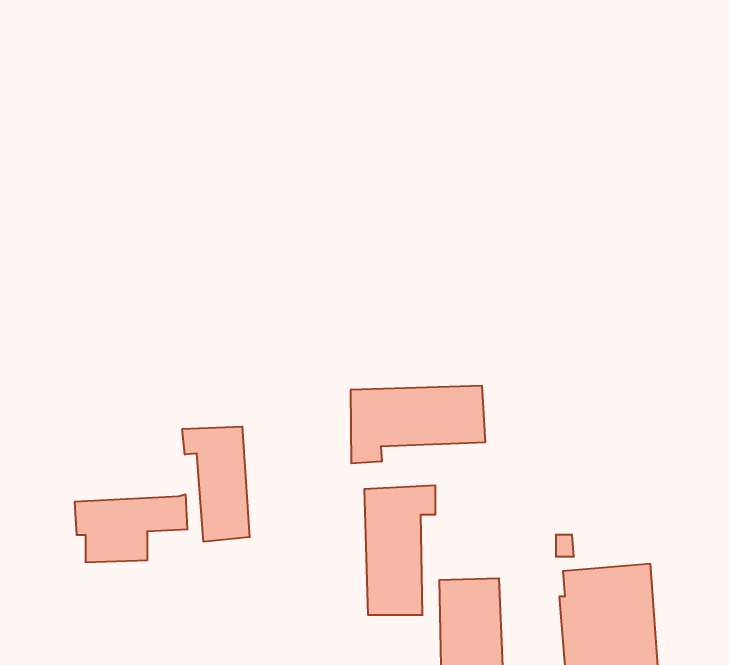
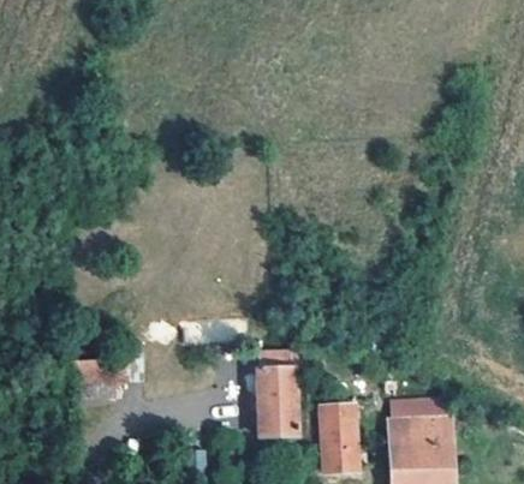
building: [351,386,485,463] -> none
building: [182,426,250,542] -> none

